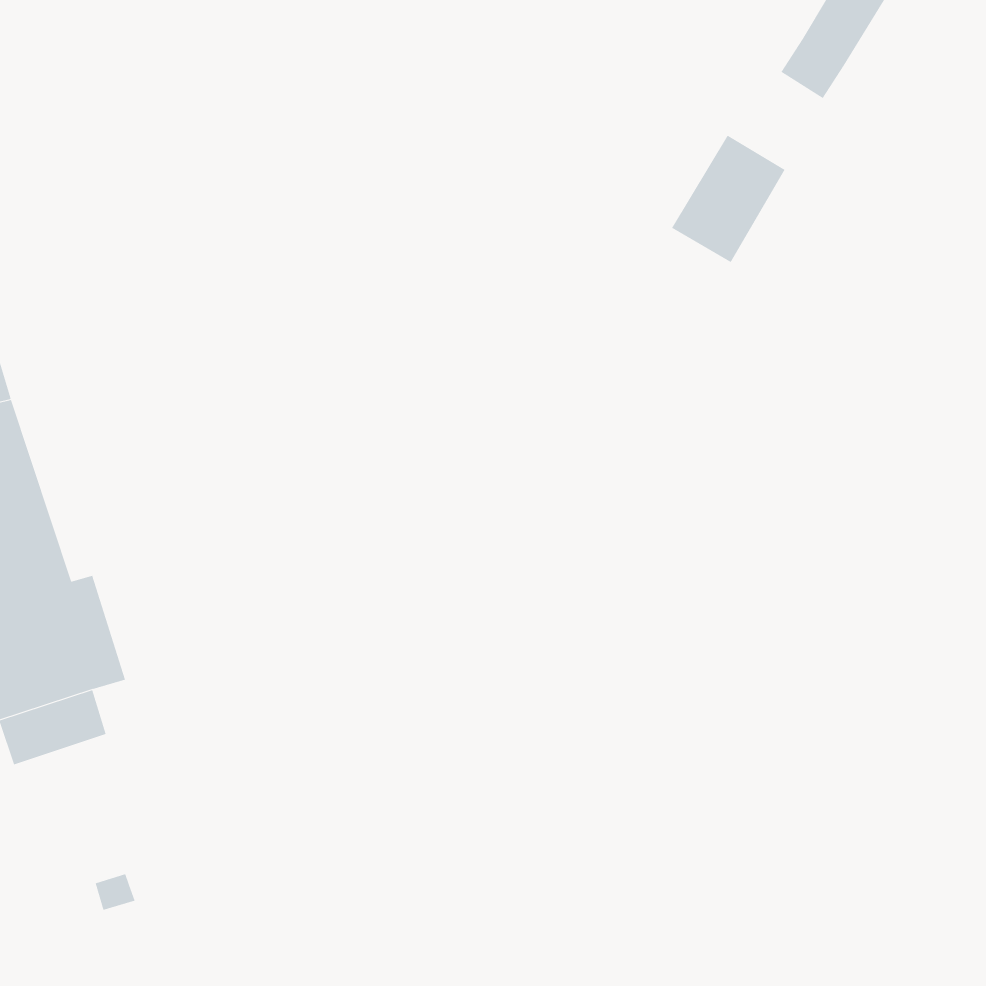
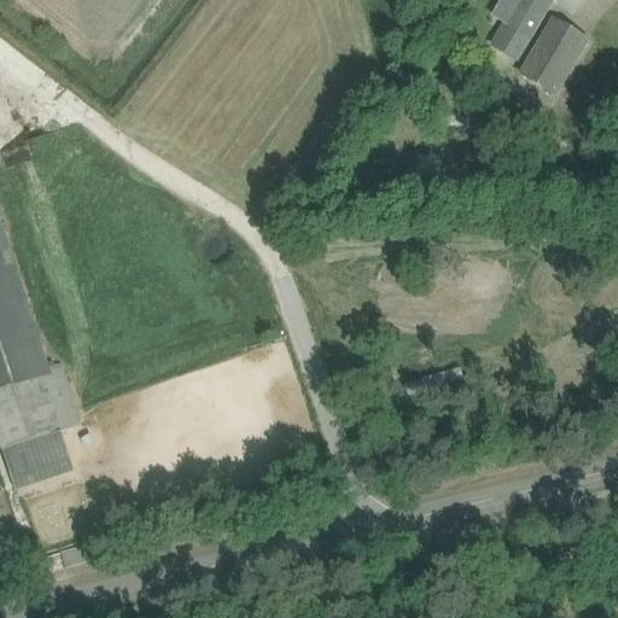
building: [671,135,785,263] -> [515,16,587,95]

